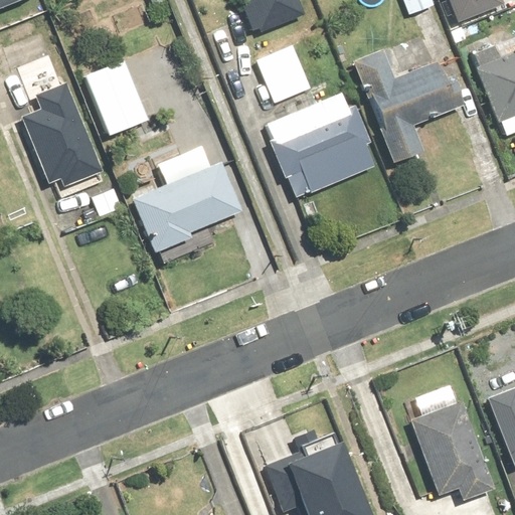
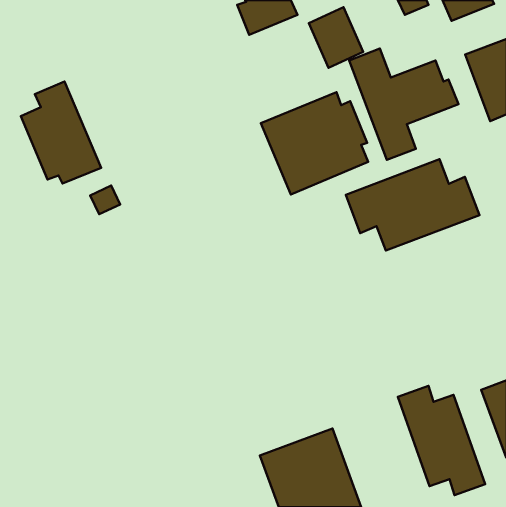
building: [258,44,313,106] -> [309,7,363,68]
building: [85,60,148,135] -> none
building: [134,146,244,251] -> none
building: none -> [346,159,480,251]

